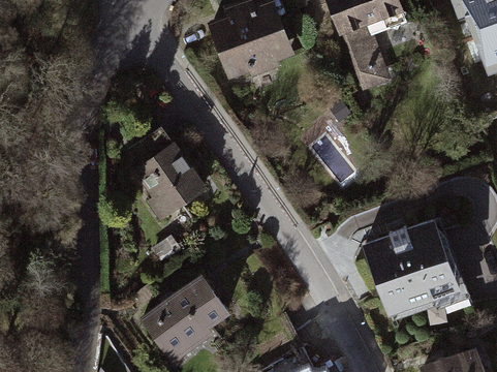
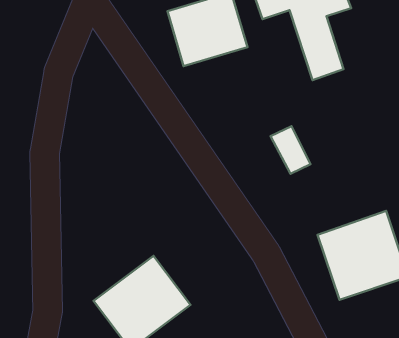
building: [135,144,209,218] -> none

